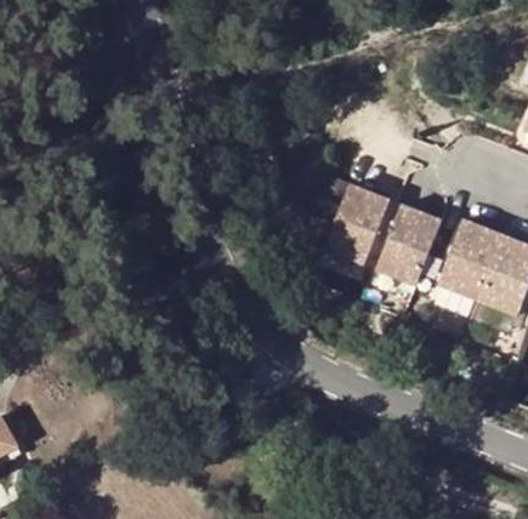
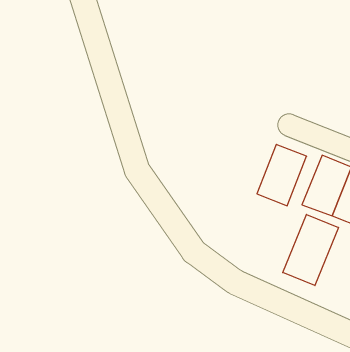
building: [328,186,393,267] -> none
building: none -> [283,214,338,286]

